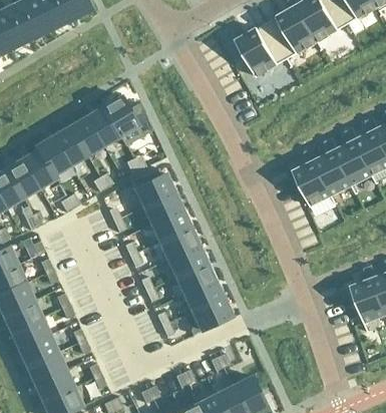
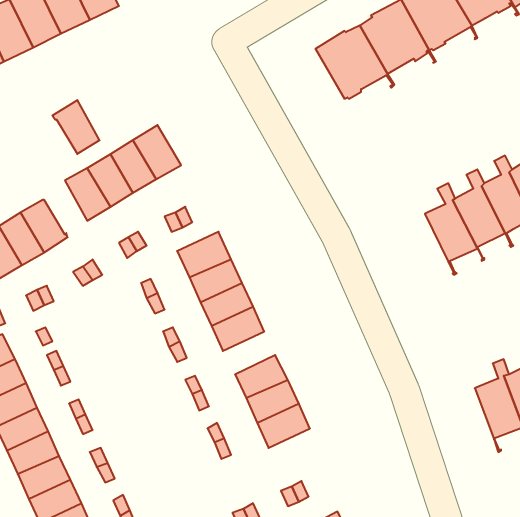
building: [36,135,70,174] -> [52,100,100,154]
building: [293,147,332,205] -> none
building: [168,245,207,276] -> none

